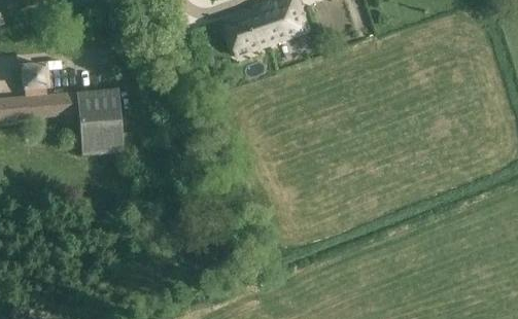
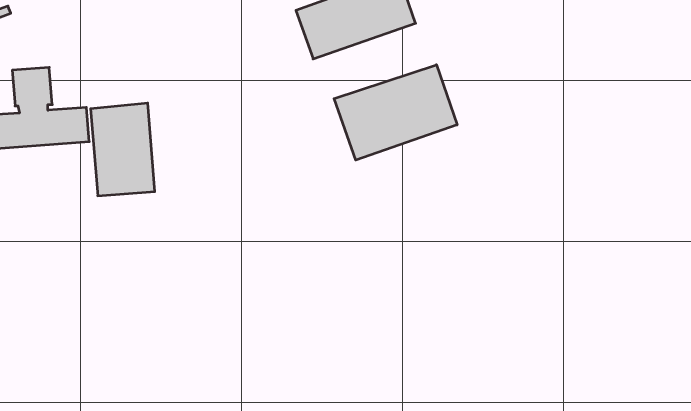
building: none -> [334,65,457,160]

